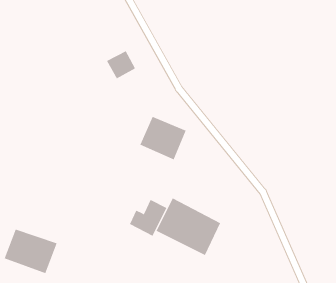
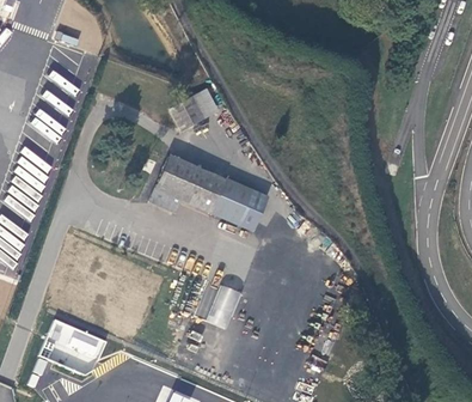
building: none -> [148,153,226,214]
building: [156,198,221,256] -> none

